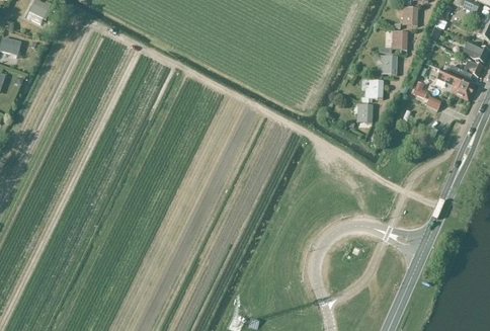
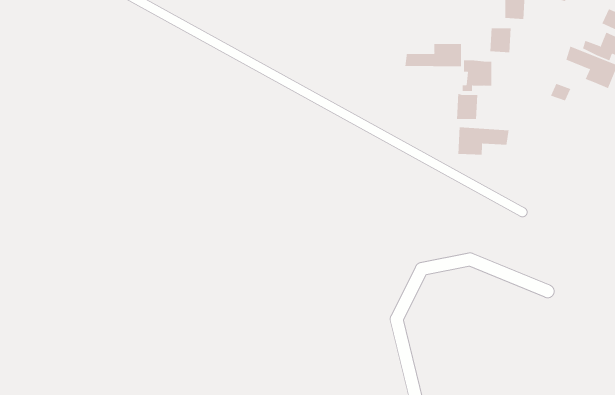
building: none -> [405,43,461,67]
building: none -> [458,126,509,156]

